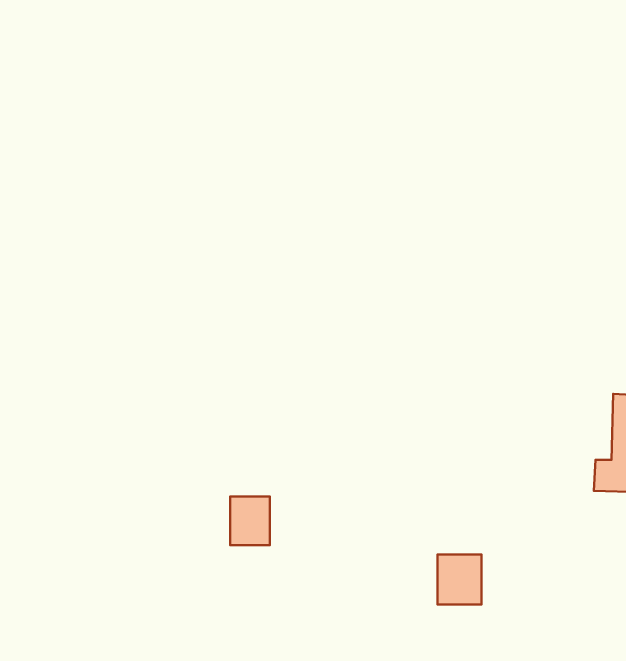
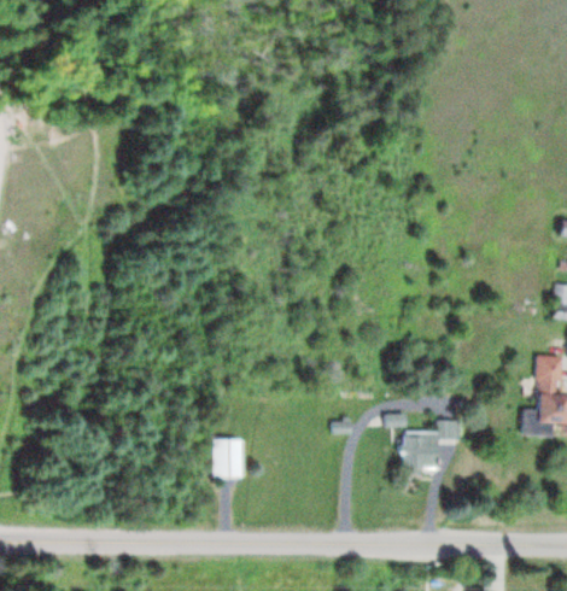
building: [437,554,481,604] -> [408,431,444,472]

